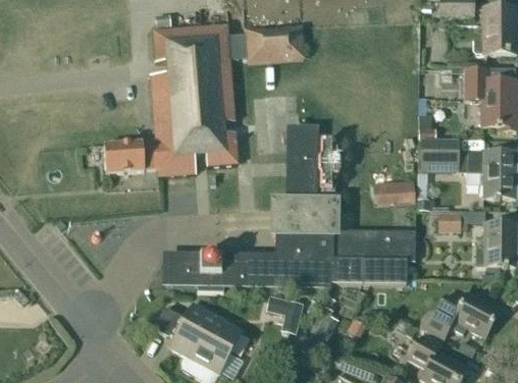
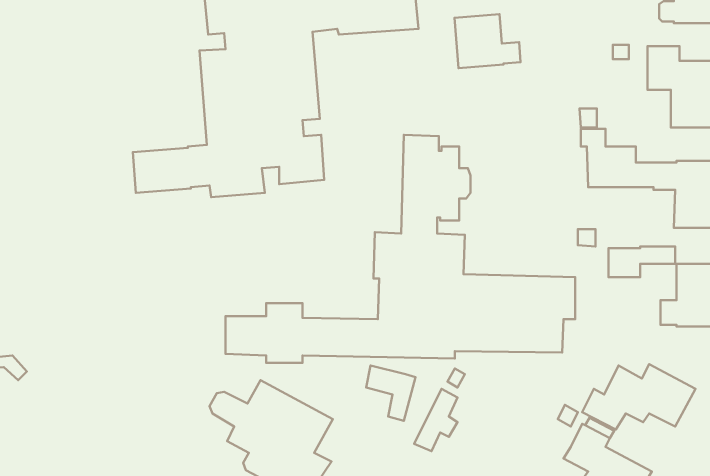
building: none -> [454,14,521,68]
building: [373,179,415,203] -> none

